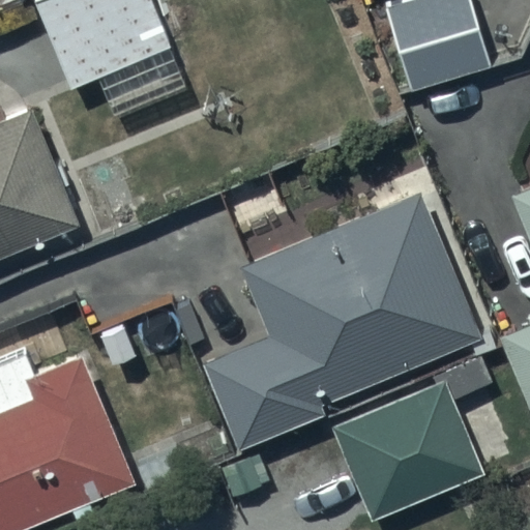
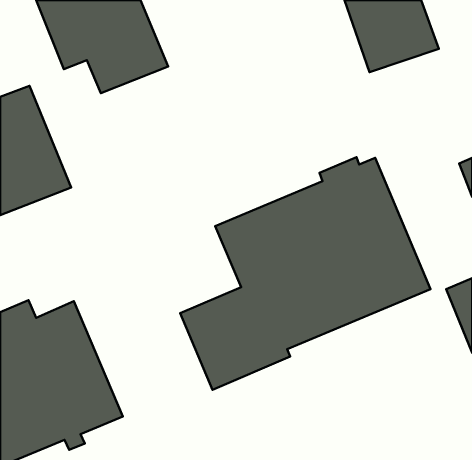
building: [330,363,488,524] -> none

